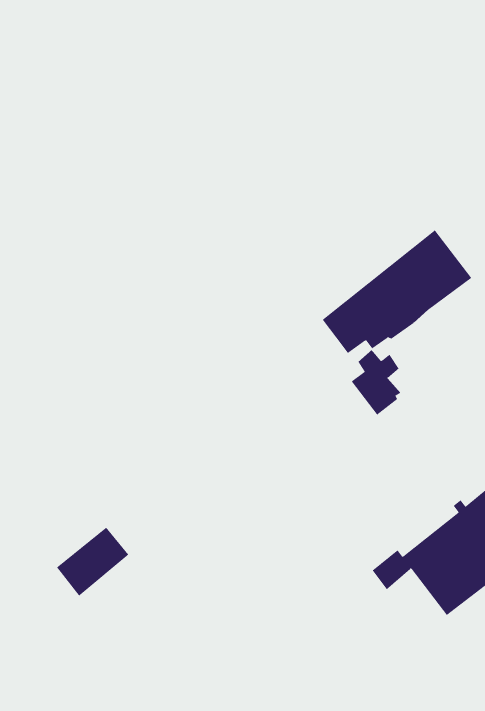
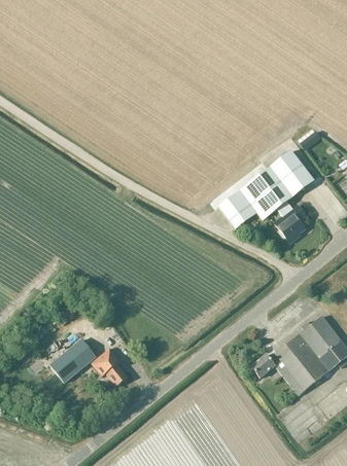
building: [351,349,401,415] -> [274,201,306,243]
building: none -> [92,347,128,385]

